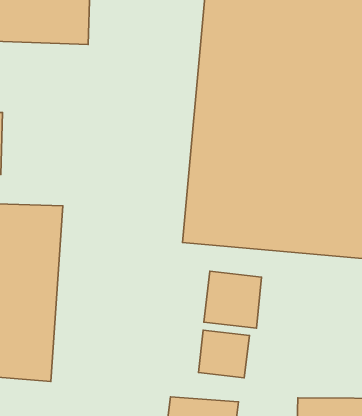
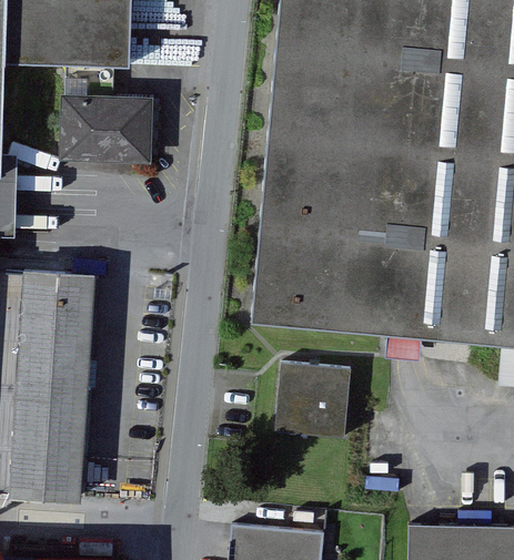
building: none -> [59,92,152,161]
building: [199,330,249,378] -> none

